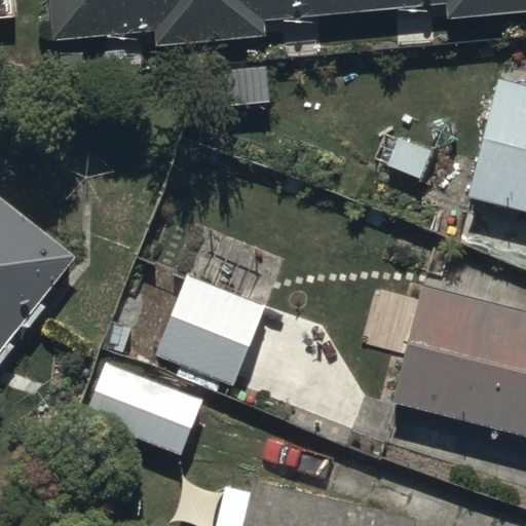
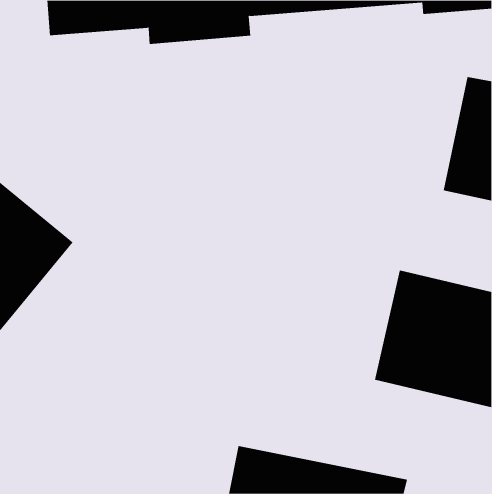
building: [155,276,268,385] -> none
building: [86,362,202,457] -> none

